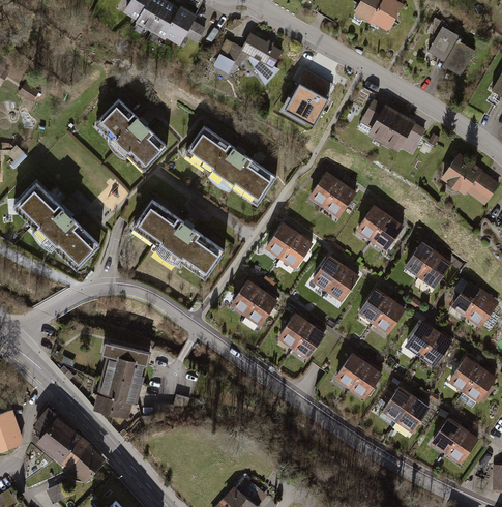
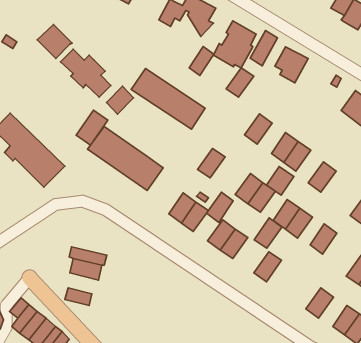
building: none -> [37,24,72,58]
building: none -> [250,30,277,66]
building: none -> [189,47,214,76]
building: [383,113,429,155] -> none
building: none -> [106,86,134,114]
building: [305,171,339,207] -> [226,68,254,97]
building: none -> [76,110,108,145]
building: [278,234,312,271] -> [206,192,233,223]
building: none -> [266,167,294,195]
building: [415,251,449,288] -> none
building: [417,328,450,364] -> none
building: [348,361,382,398] -> [254,218,282,248]
building: [101,377,141,404] -> none
building: [381,385,415,421] -> none

